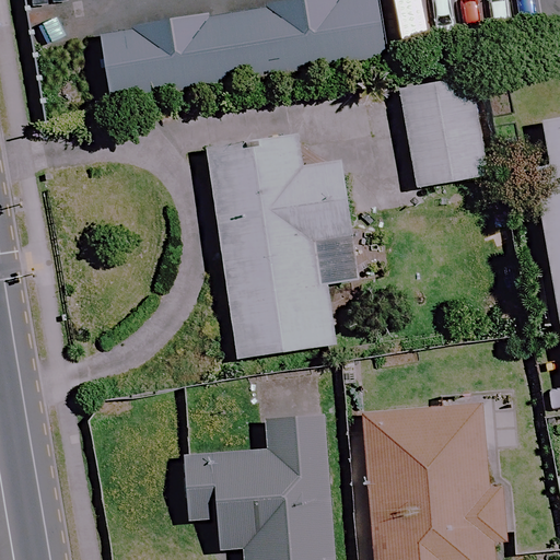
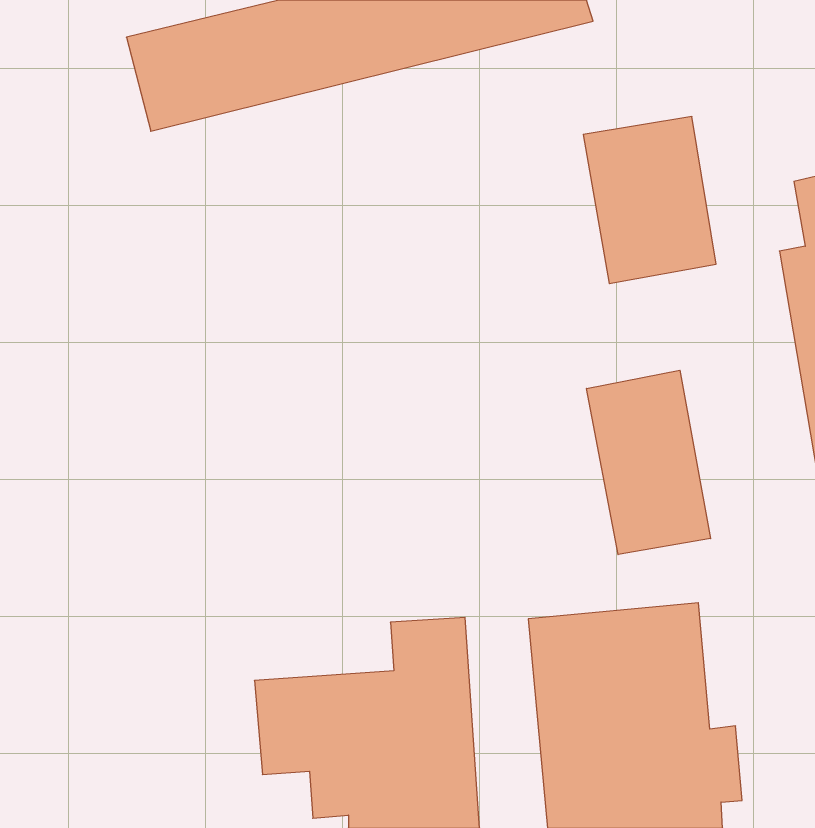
building: [206,141,354,363] -> none
building: none -> [587,370,711,555]

